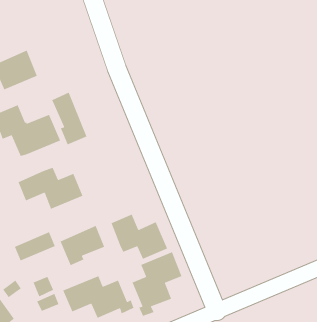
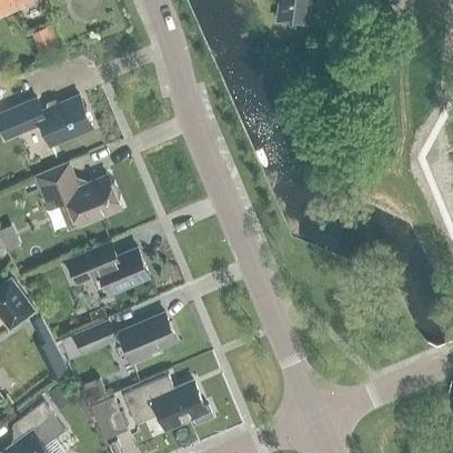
building: [51,91,88,145] -> none
building: [111,213,168,260] -> none
building: [132,251,183,317] -> none

